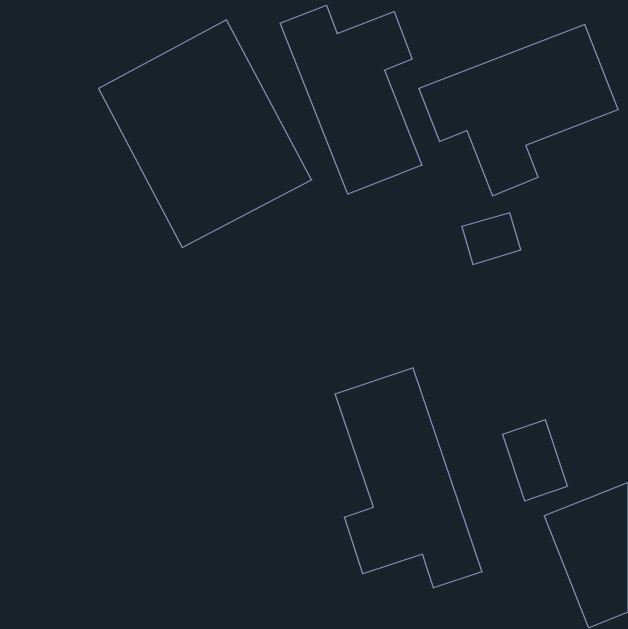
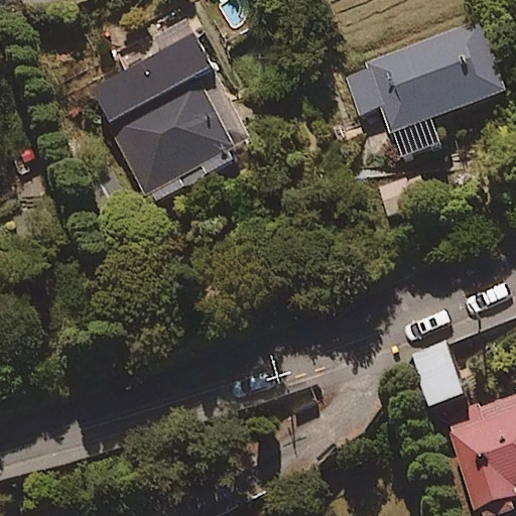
building: [280,5,422,194] -> none
building: [335,368,482,588] -> none

